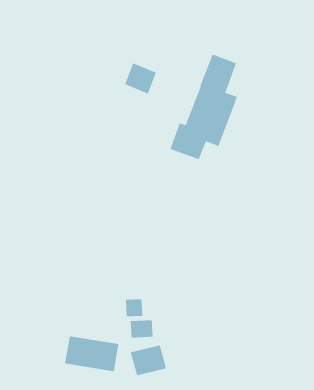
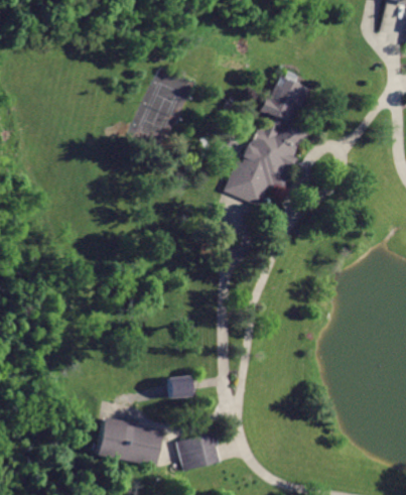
building: [124,62,157,94] -> none
building: [130,319,153,338] -> none

